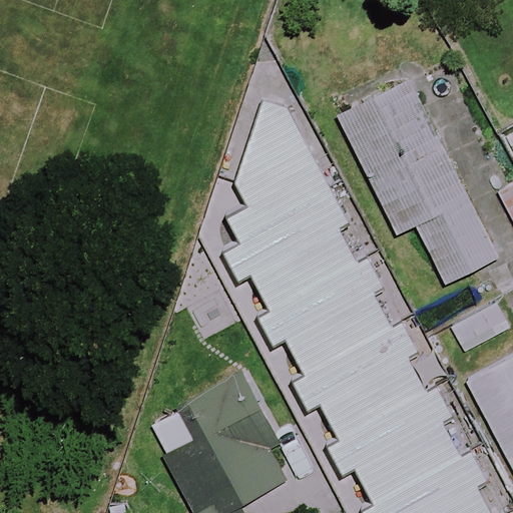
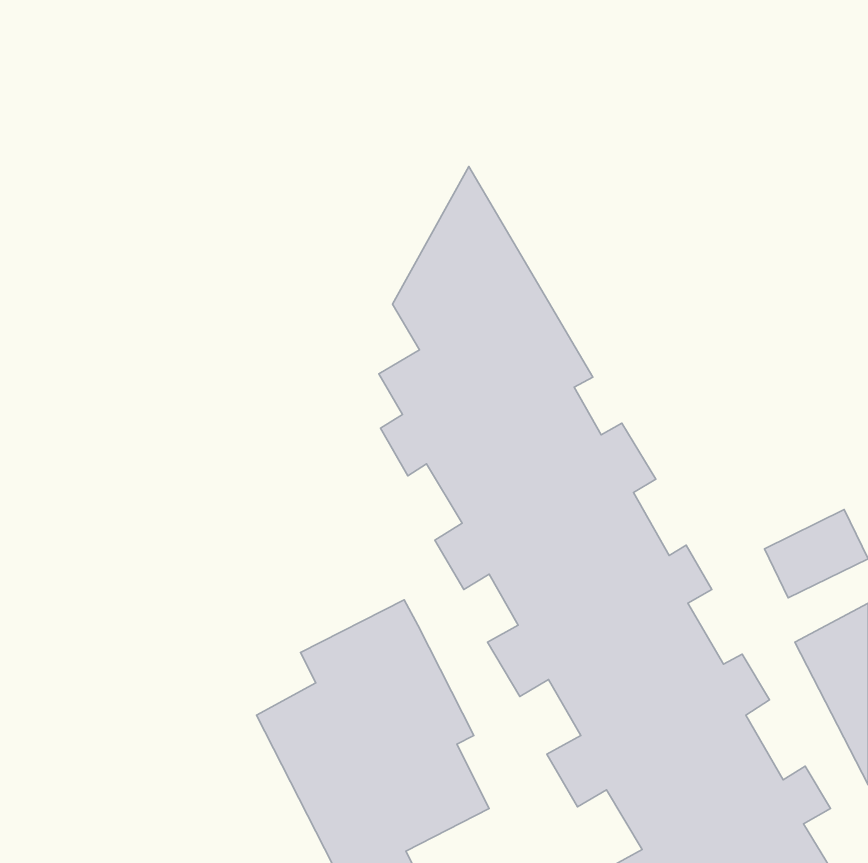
building: [343,85,498,285] -> none

